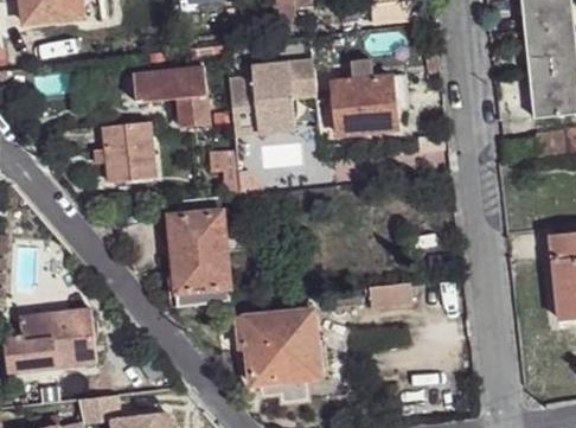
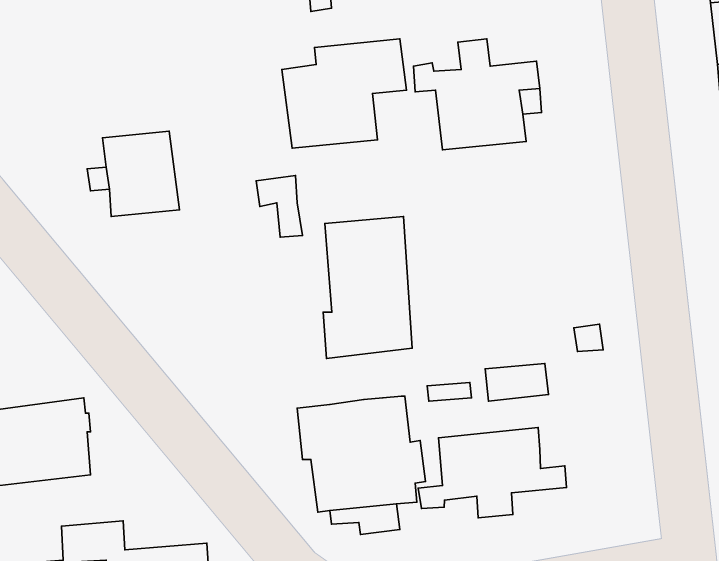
building: [133,65,211,126] -> none
building: [167,210,229,308] -> [323,217,412,358]
building: none -> [418,428,566,518]

